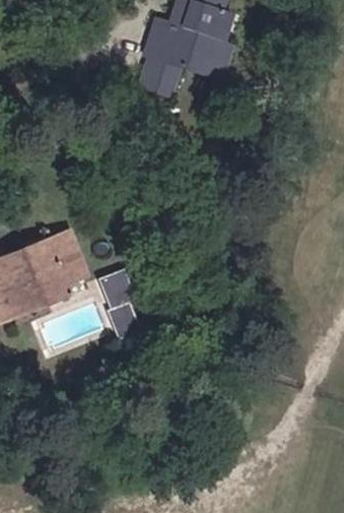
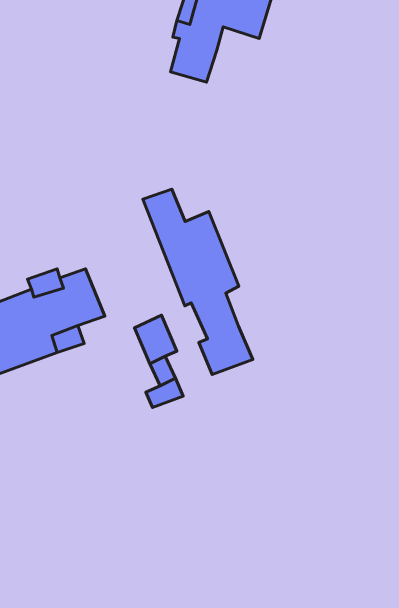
building: [176,30,228,76] -> none
building: none -> [143,189,253,375]

